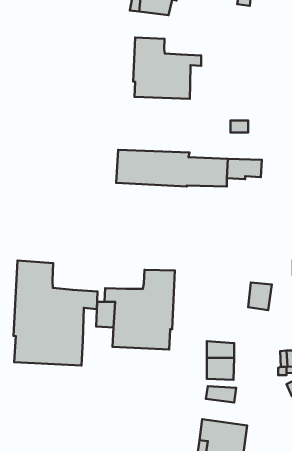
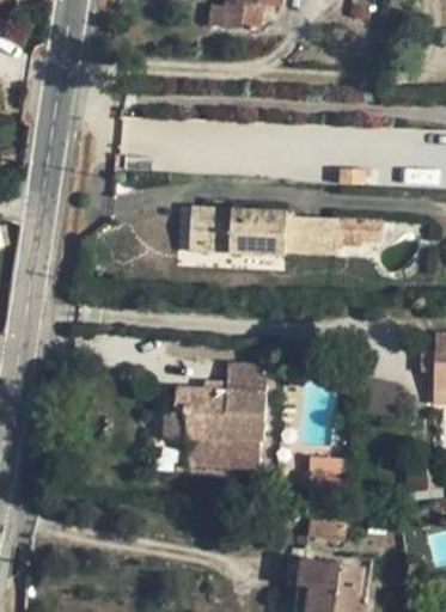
building: [133,37,201,99] -> none
building: [14,261,97,365] -> none

